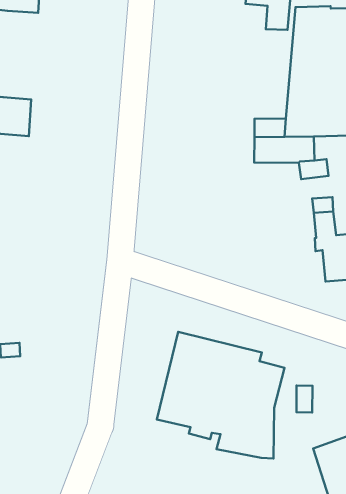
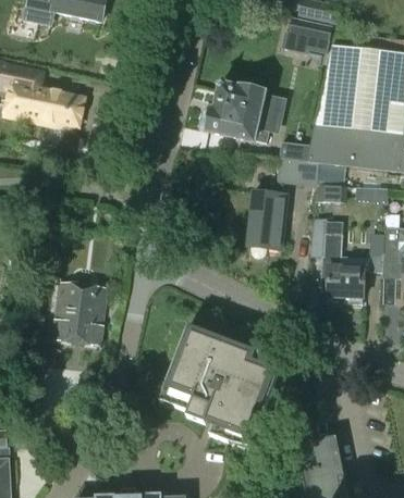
building: none -> [199,85,282,142]
building: none -> [248,191,286,258]
building: none -> [52,281,107,345]

